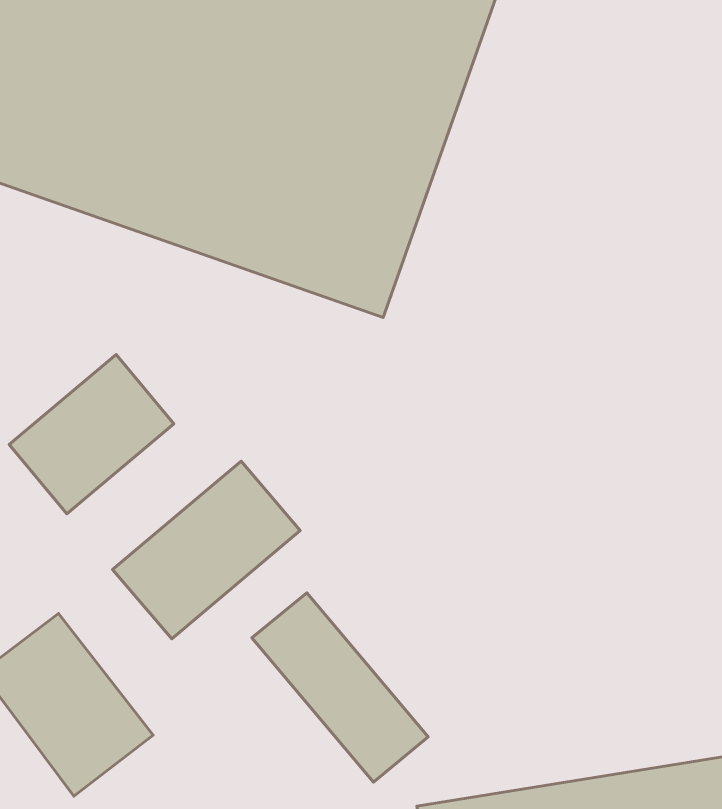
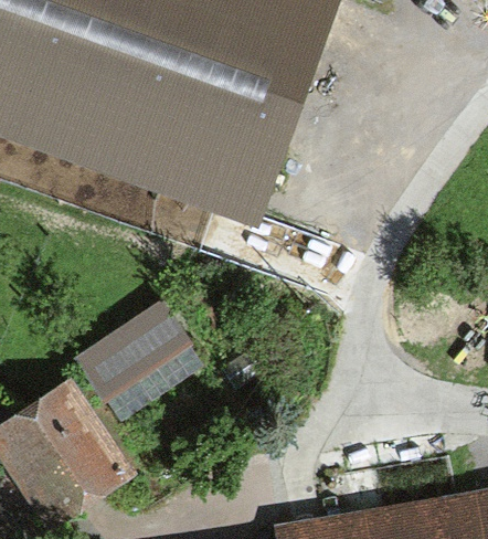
building: [9,354,174,514] -> none
building: [252,593,428,782] -> none

